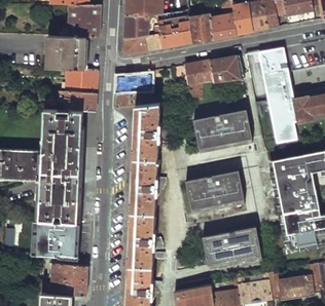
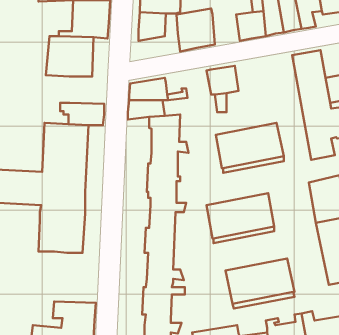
building: [189,13,213,42] -> none
building: [124,33,161,54] -> none
building: [209,55,239,84] -> none
building: [66,70,97,93] -> none
building: [38,221,77,255] -> none

